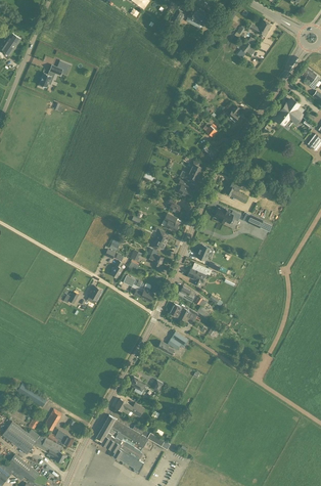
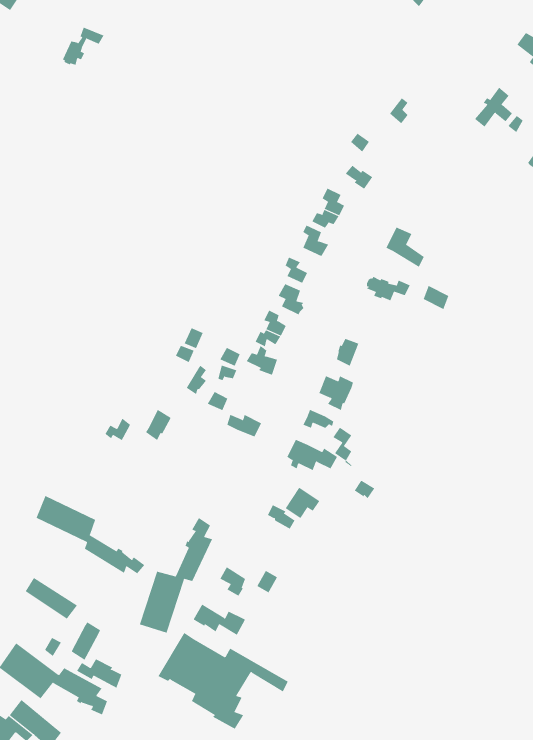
building: none -> [36,495,145,574]
building: none -> [139,517,213,633]

